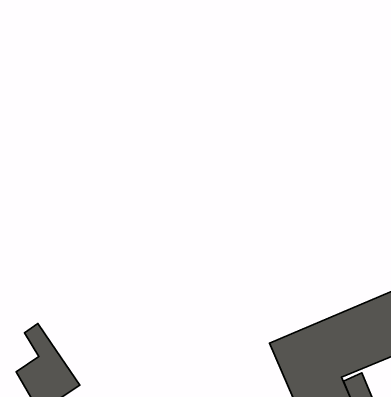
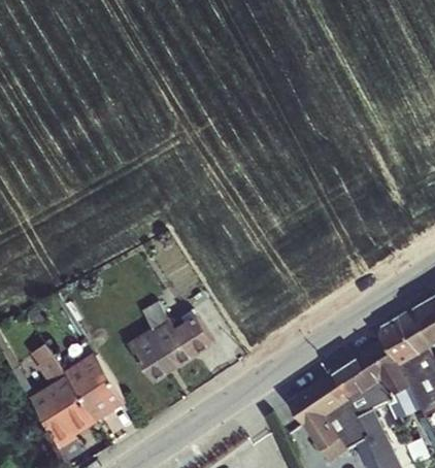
building: none -> [127,305,210,383]
building: none -> [65,357,122,419]

